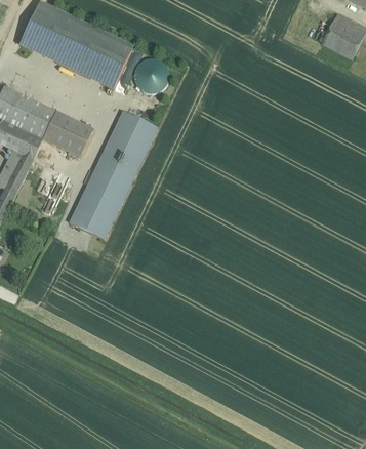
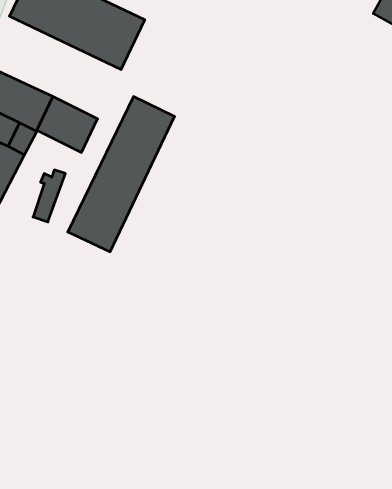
building: [133,57,168,92] -> none

